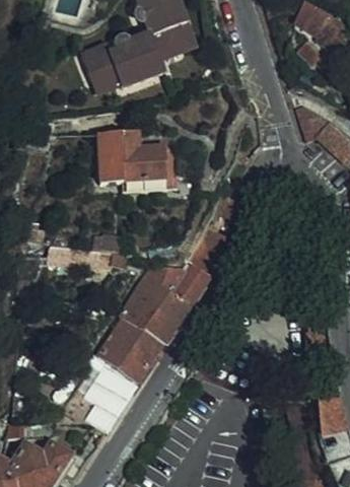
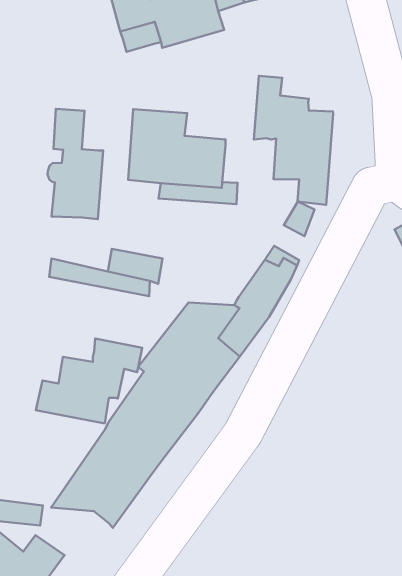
building: none -> [254,76,333,205]
building: none -> [47,109,103,219]
building: none -> [36,339,142,423]

